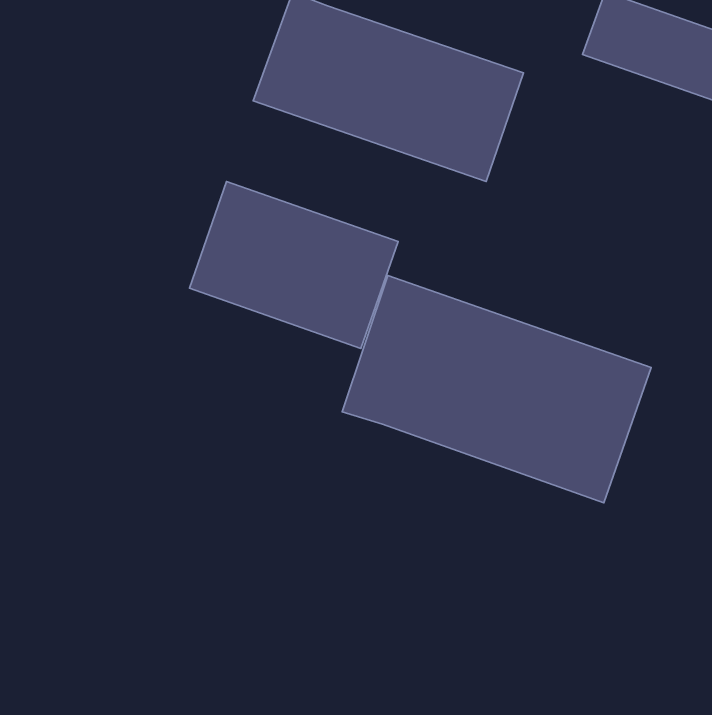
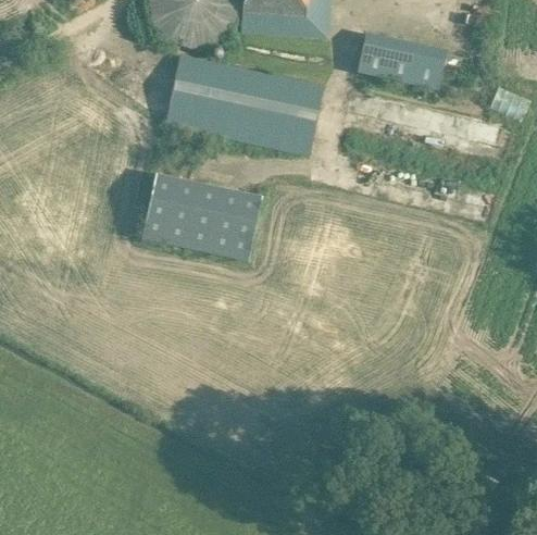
building: [342,275,651,503] -> none

